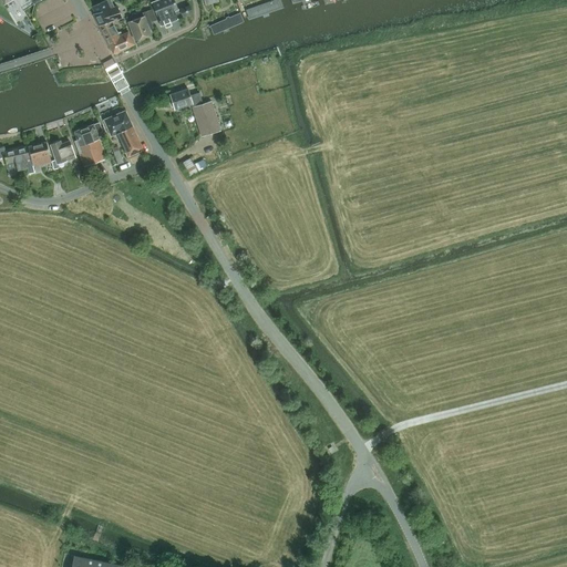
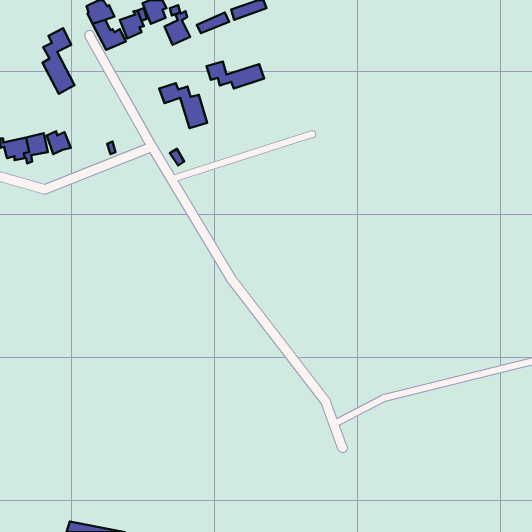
building: none -> [164,11,190,45]
building: none -> [42,28,74,94]
building: none -> [207,62,264,88]
building: [104,111,143,156] -> none
building: [74,123,106,167] -> none

